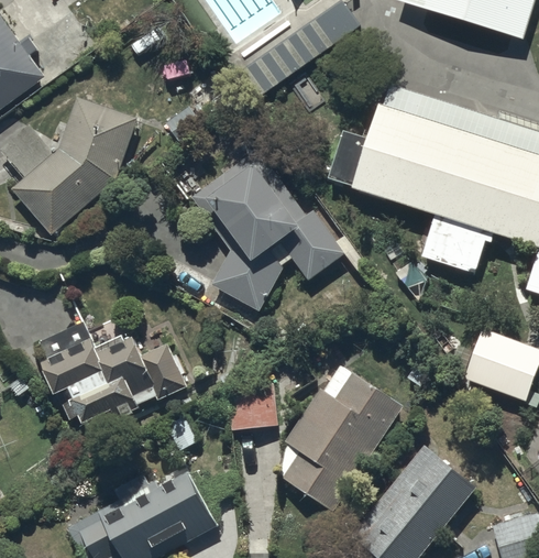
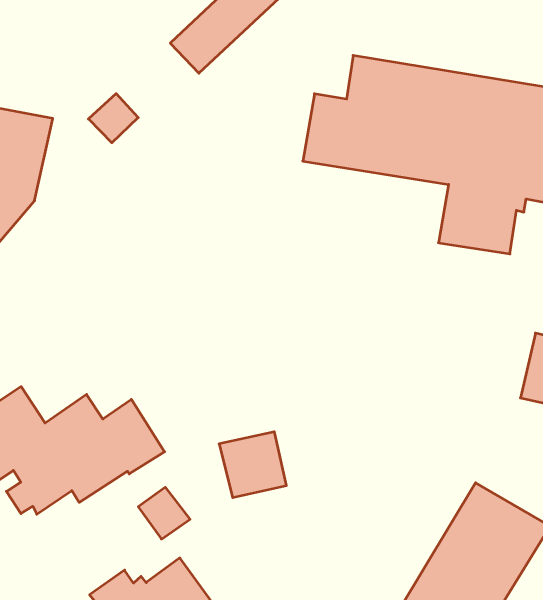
building: [191,149,343,310] -> none
building: [283,364,404,511] -> none

